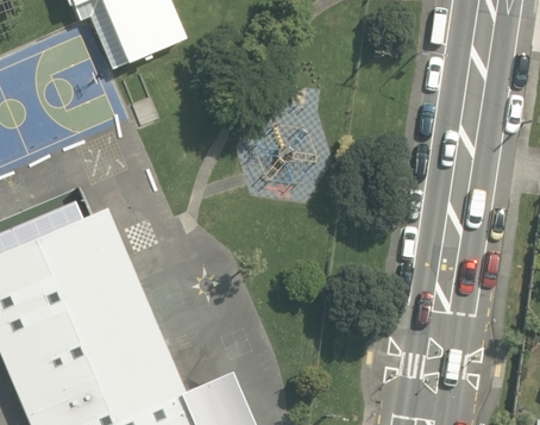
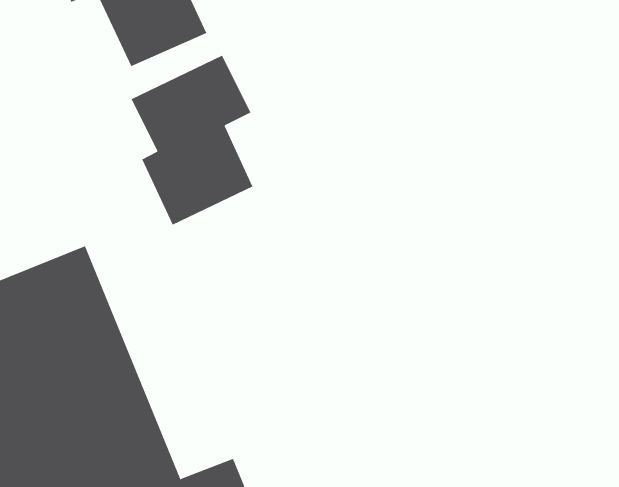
building: none -> [131,55,253,225]

